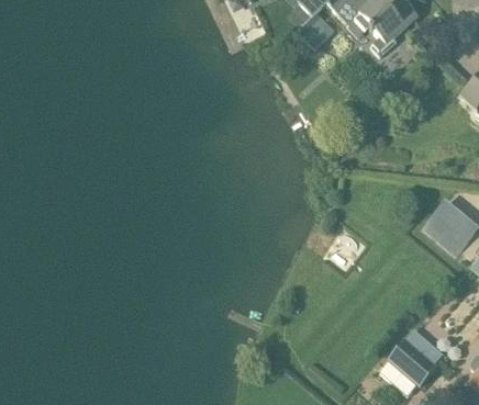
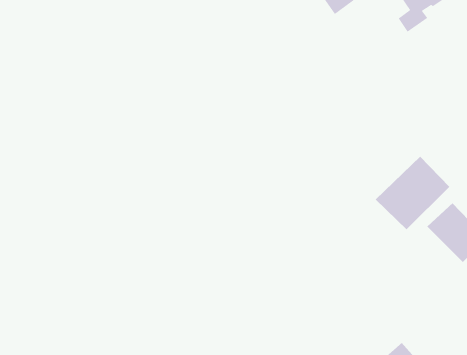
building: none -> [375,156,450,230]

